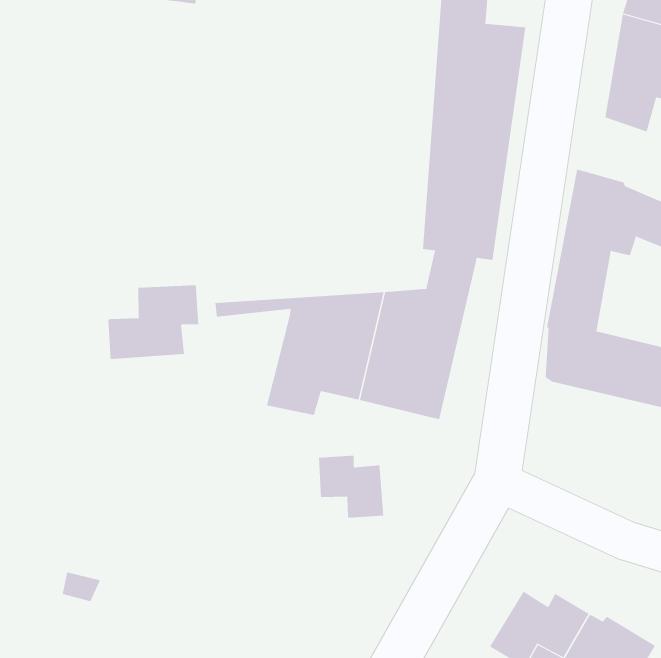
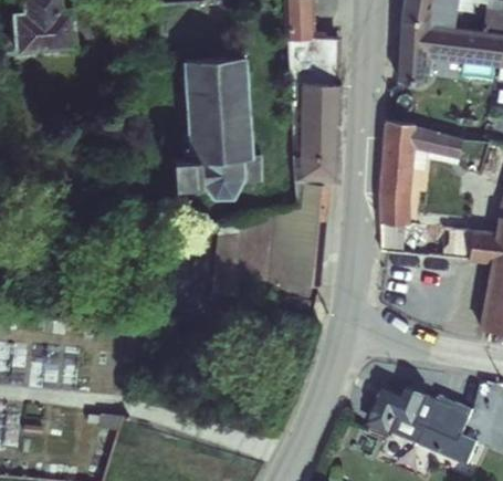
building: none -> [174,57,263,200]
building: [108,284,199,360] -> none
building: [319,455,384,518] -> none

